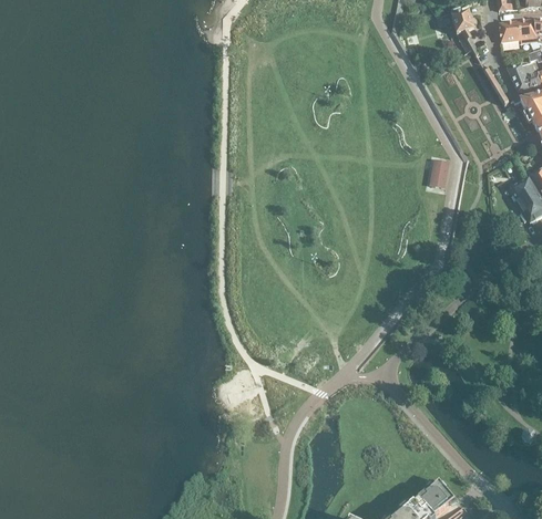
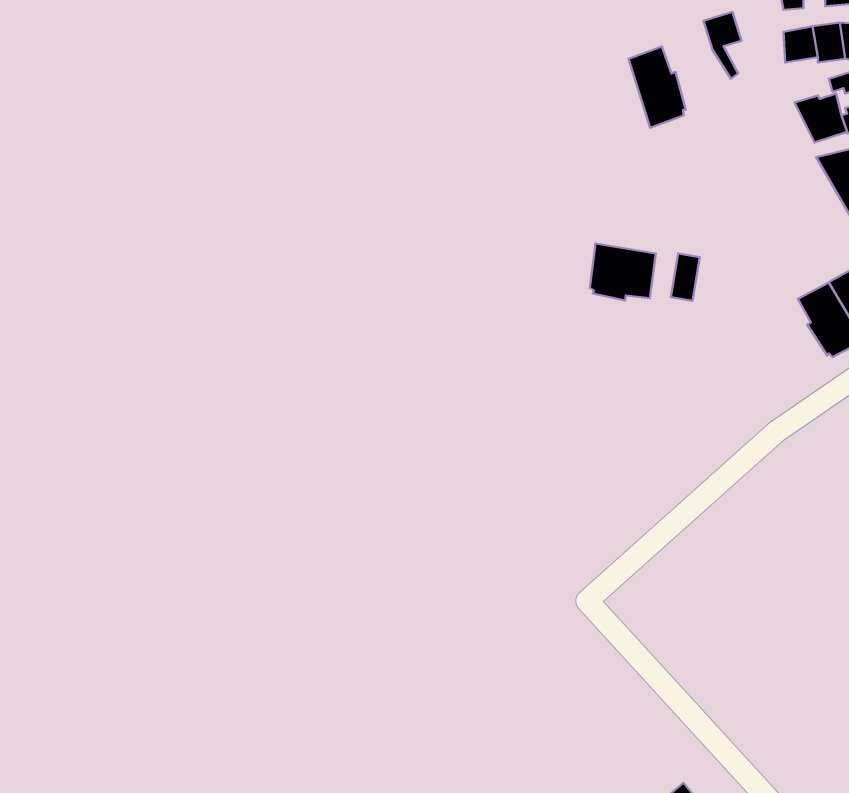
building: none -> [629,46,686,128]
building: none -> [590,243,656,301]

